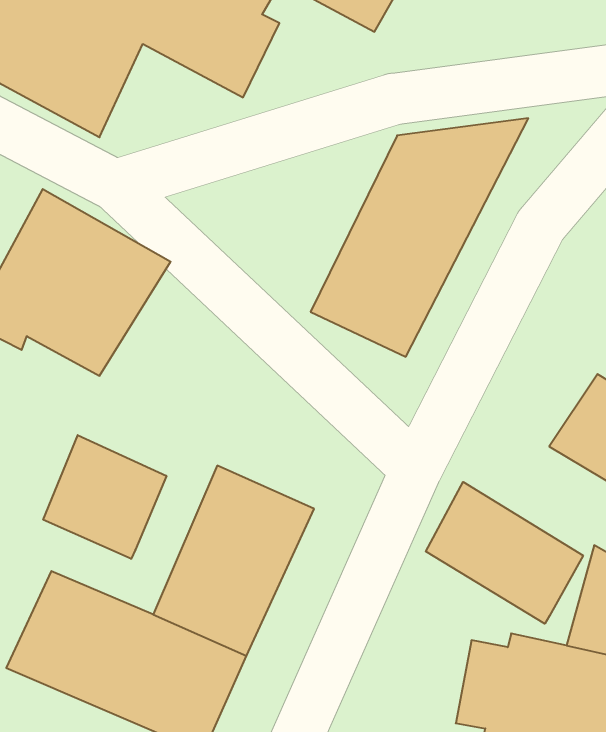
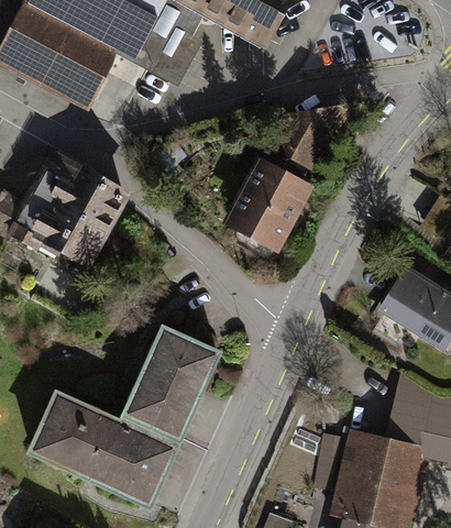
building: [43,435,166,559] -> none
building: [426,482,583,624] -> none

